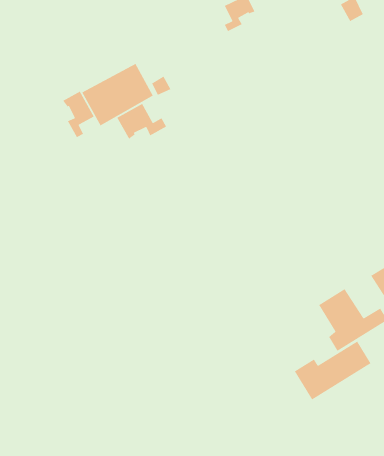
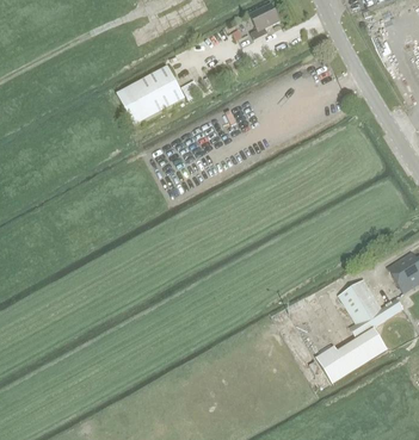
building: [62,91,95,138] -> none
building: [116,103,167,140] -> none

